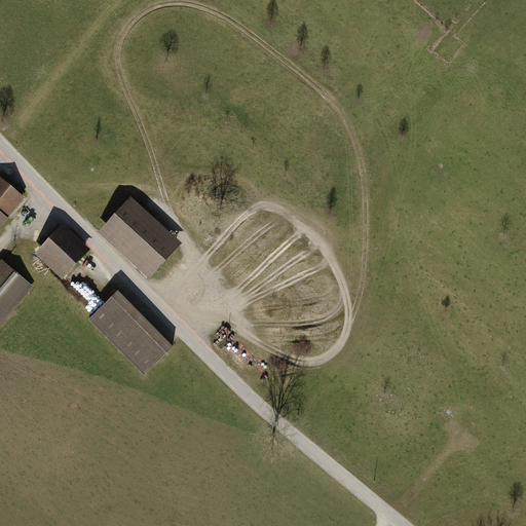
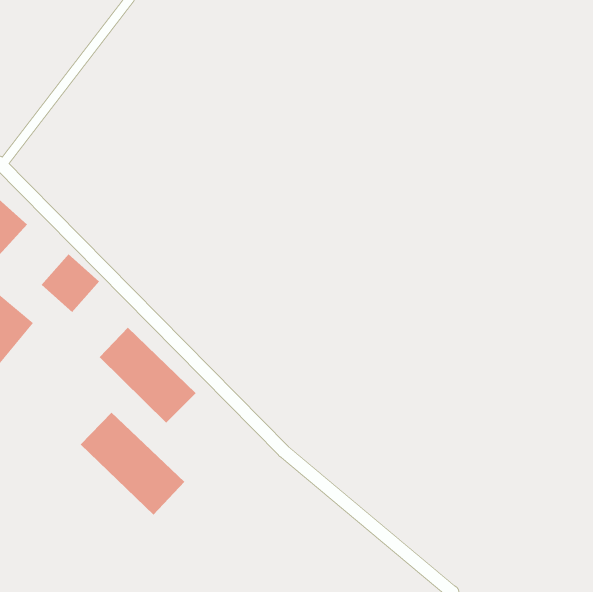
building: [100,196,180,274] -> none
building: none -> [80,412,185,516]

